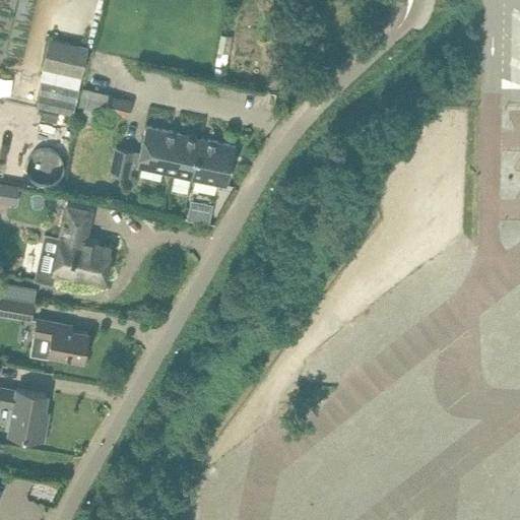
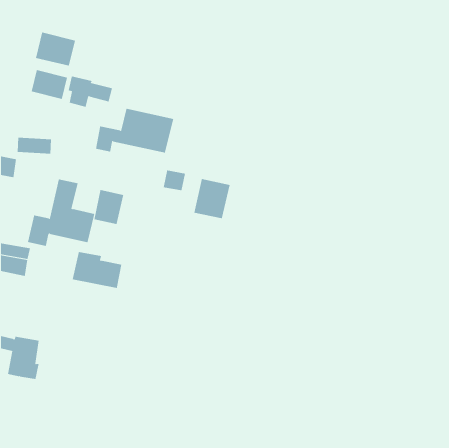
building: [193,139,236,186] -> [193,179,230,219]
building: none -> [94,189,124,225]
building: [30,319,88,362] -> [72,251,122,288]

